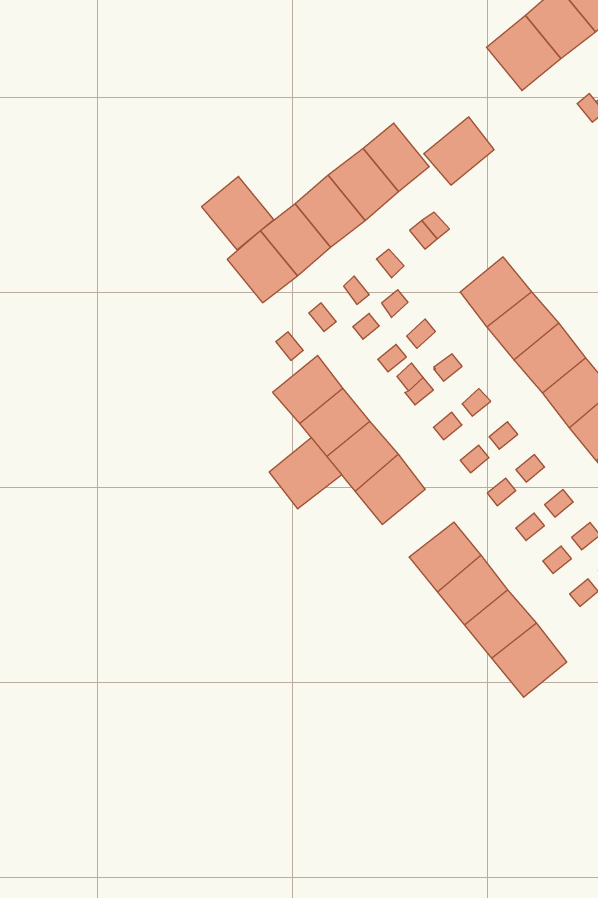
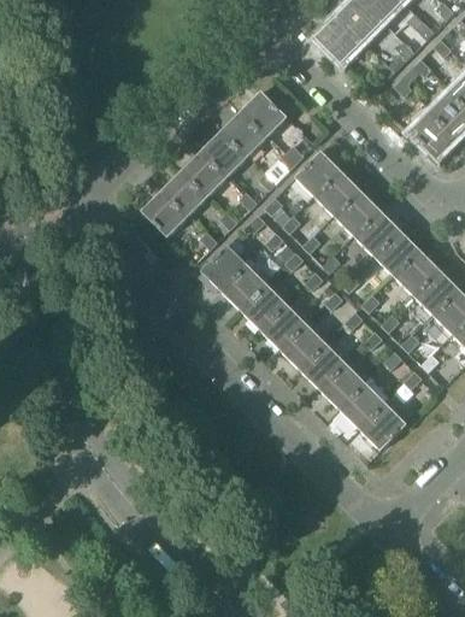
building: [424,117,494,185] -> [295,151,340,195]
building: [202,176,274,250] -> [142,189,189,236]
building: [269,438,342,509] -> none
building: none -> [279,323,325,368]

